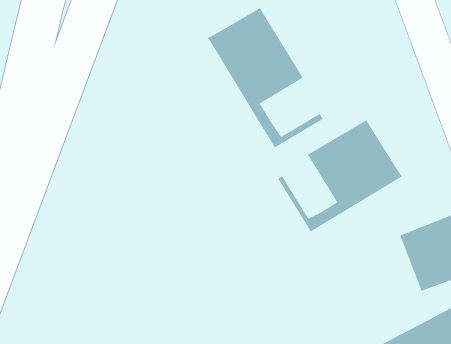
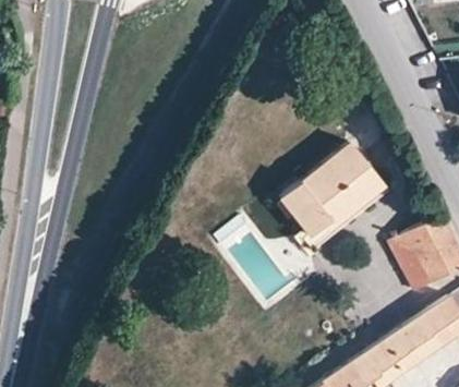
building: [207,7,324,149] -> none
building: none -> [278,180,331,235]

